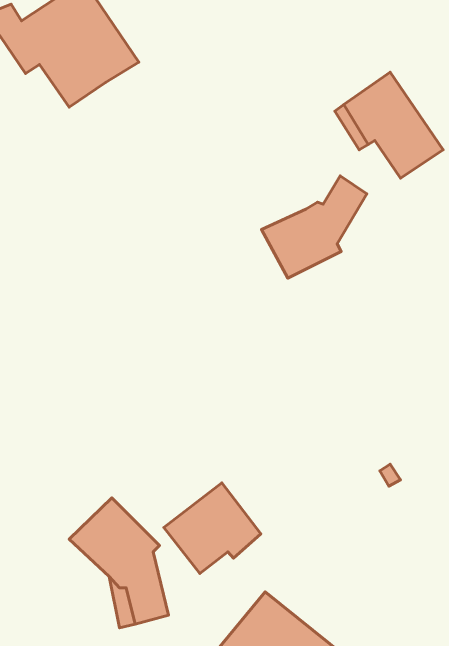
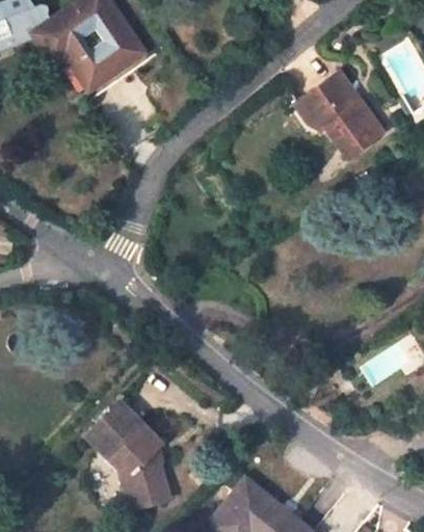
building: [262,176,367,278] -> none
building: [164,483,261,573] -> none

